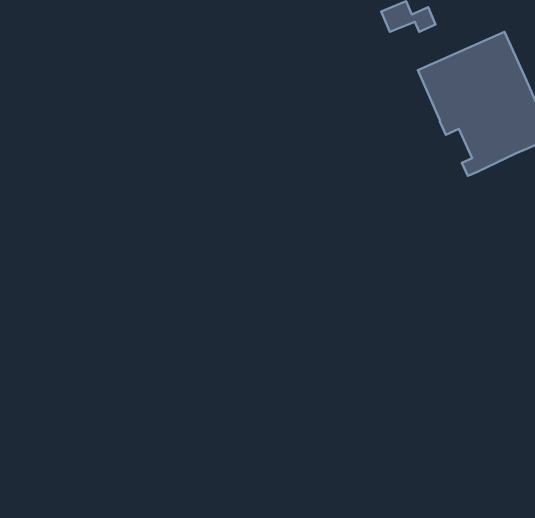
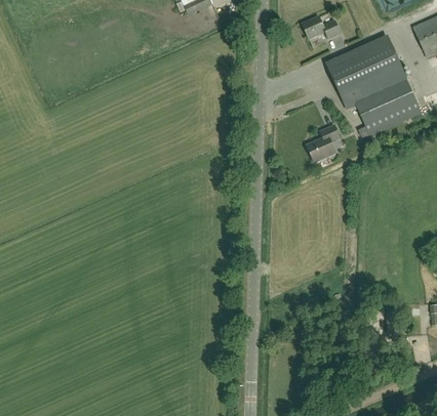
building: none -> [307,124,340,161]

